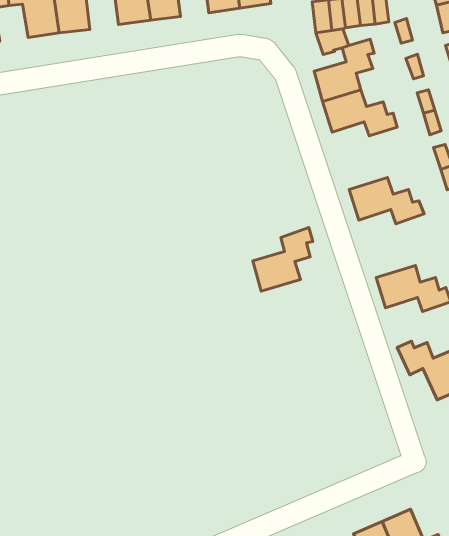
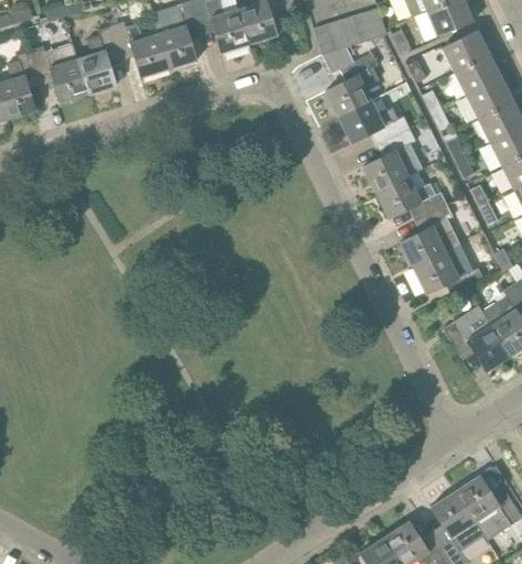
building: none -> [363,129,416,193]
building: [253,228,313,291] -> [401,204,453,269]

